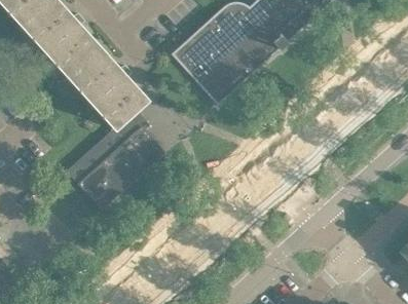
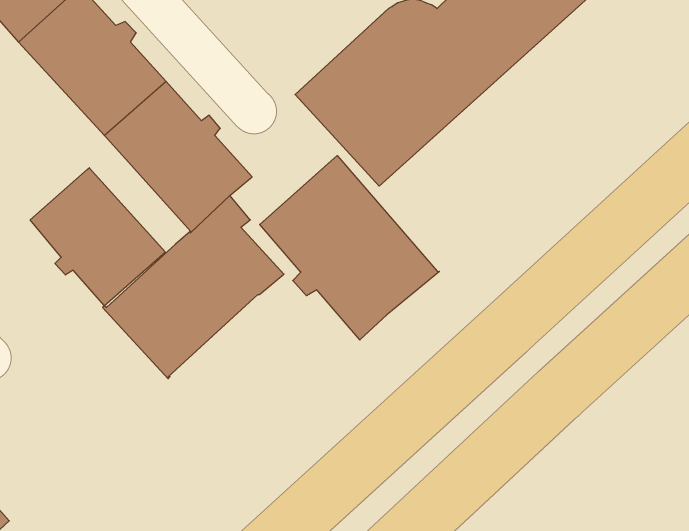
building: none -> [260,156,439,340]
building: none -> [30,168,165,306]

